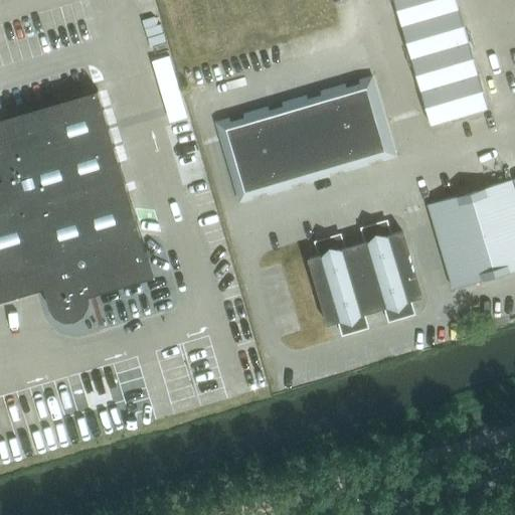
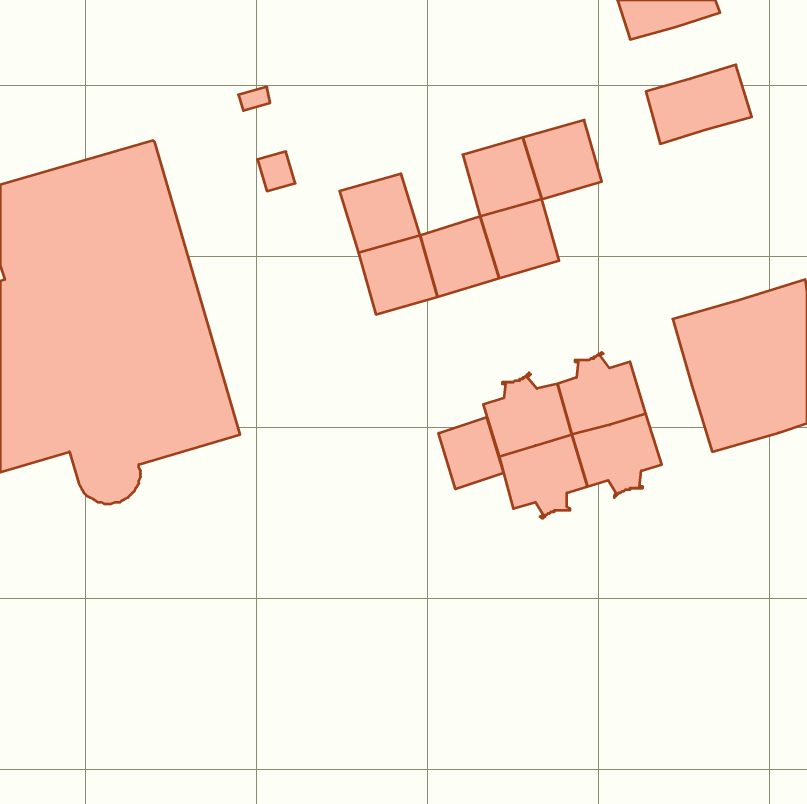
building: [401,10,469,60] -> none
building: [420,76,488,126] -> none
building: [255,101,306,152] -> none
building: [345,118,395,168] -> none
building: none -> [439,417,504,489]

